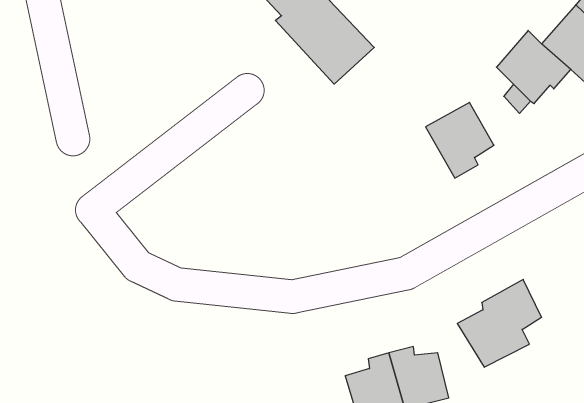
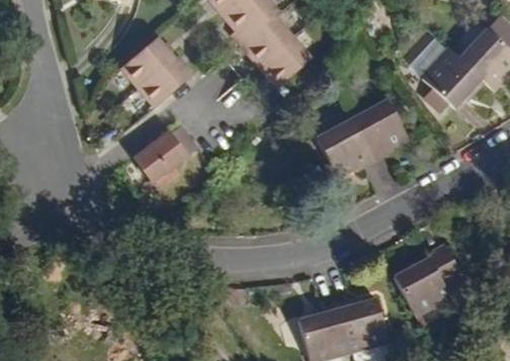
building: none -> [122,38,190,106]
building: none -> [323,118,379,172]
building: none -> [136,125,194,187]

